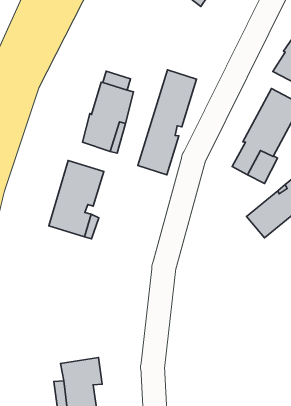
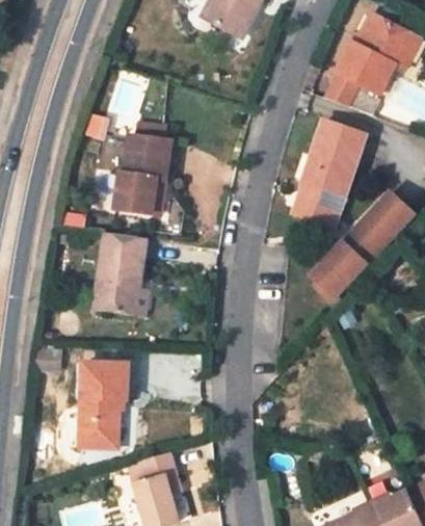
building: [138,70,196,175] -> none
building: none -> [80,364,131,449]

